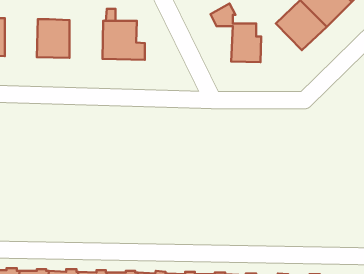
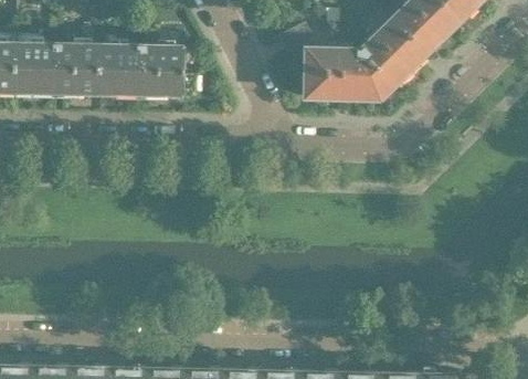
building: none -> [15,42,57,92]
building: none -> [98,44,141,94]
building: none -> [337,49,395,98]

